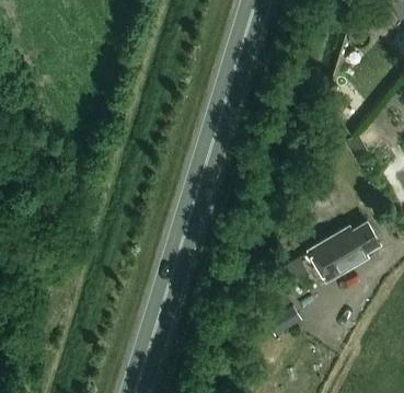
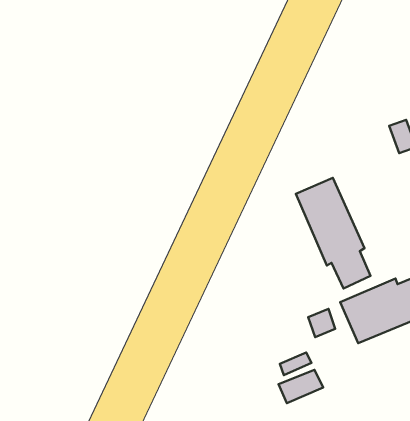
building: none -> [296,178,370,289]

